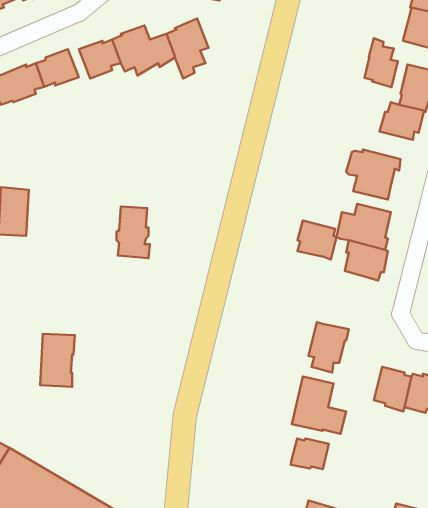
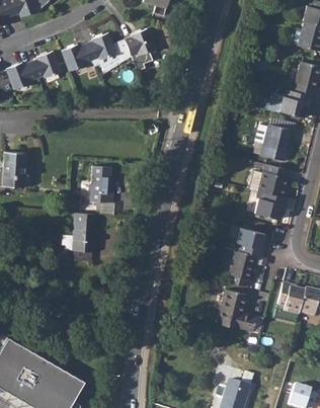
building: [364,38,398,87] -> none
building: [297,221,336,260] -> [239,228,267,256]
building: [40,334,75,387] -> [73,213,98,251]
building: [291,439,329,469] -> none

